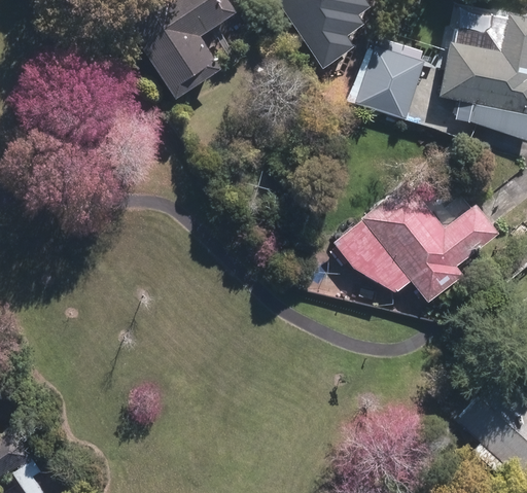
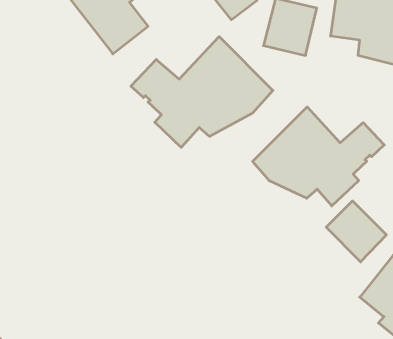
building: none -> [131,37,273,147]
building: none -> [326,201,386,262]

